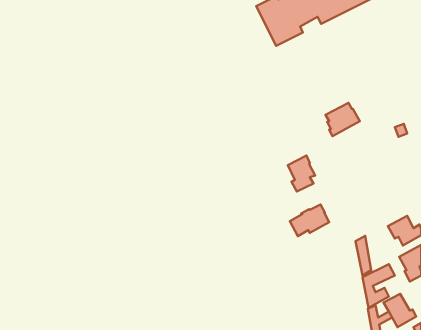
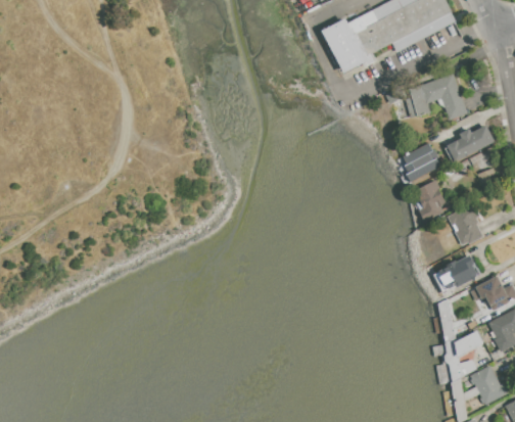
building: none -> [405,74,468,120]
building: none -> [448,125,496,162]
building: none -> [448,204,483,245]
building: [288,155,315,191] -> [415,180,447,222]
building: [290,205,329,236] -> [433,255,479,292]

